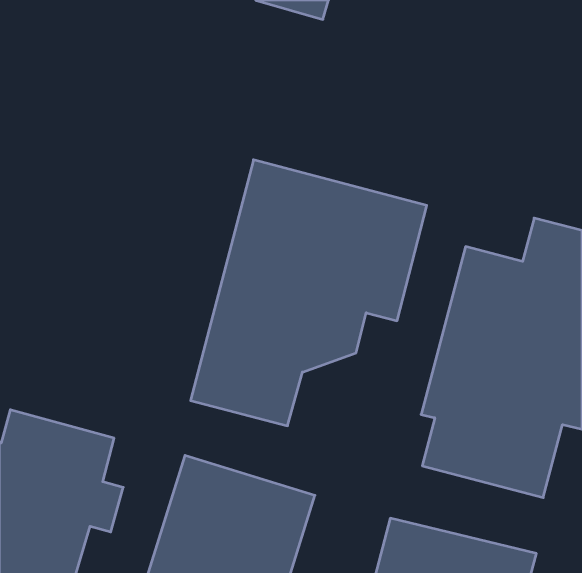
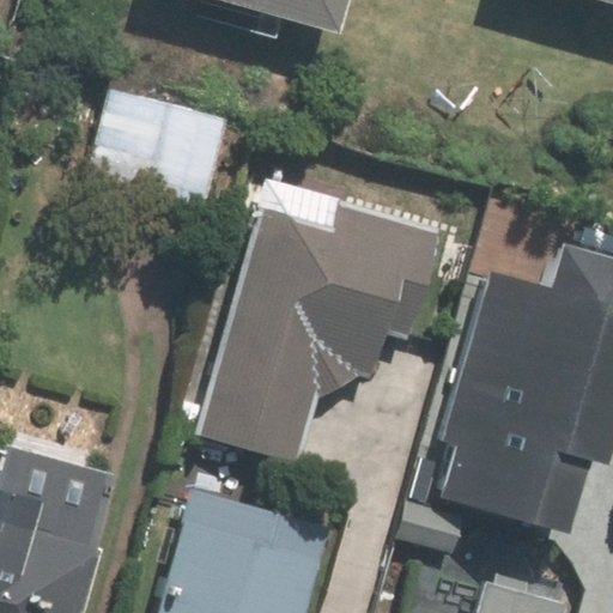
building: none -> [85,96,224,214]

